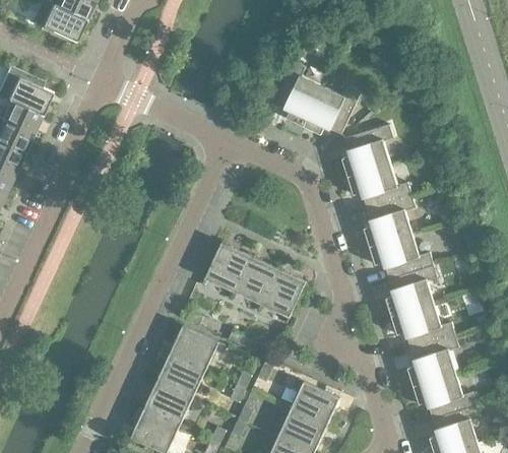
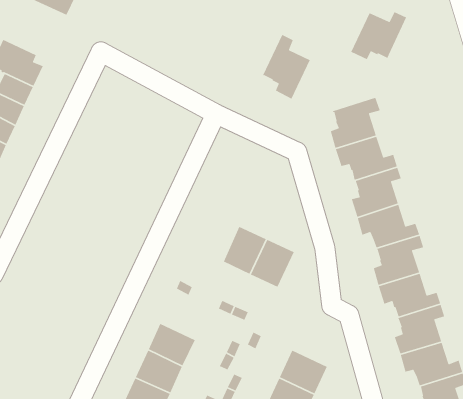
building: [303,85,361,135] -> [350,11,407,60]
building: [204,242,249,292] -> none
building: [169,325,218,371] -> none

